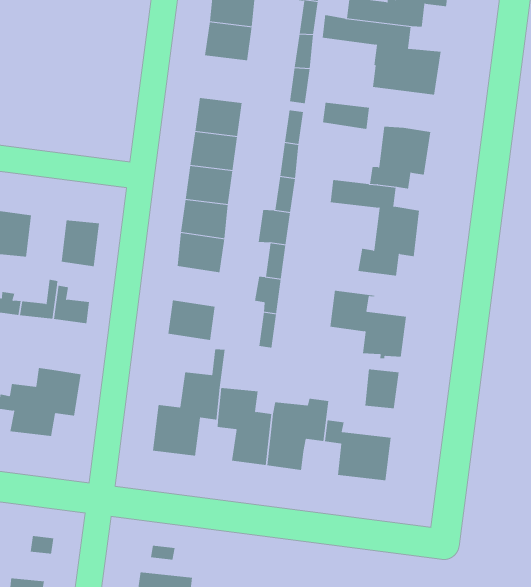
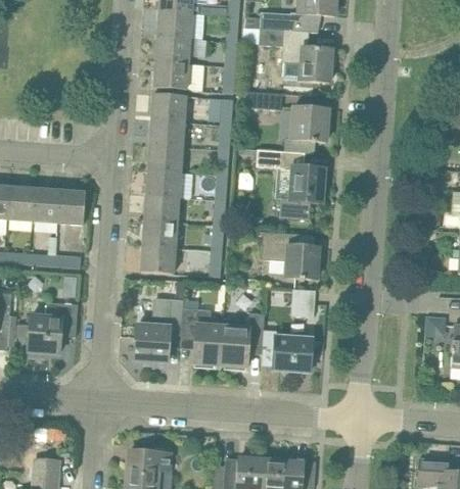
building: none -> [153,61,188,89]
building: none -> [32,188,59,222]
building: none -> [142,219,177,248]

